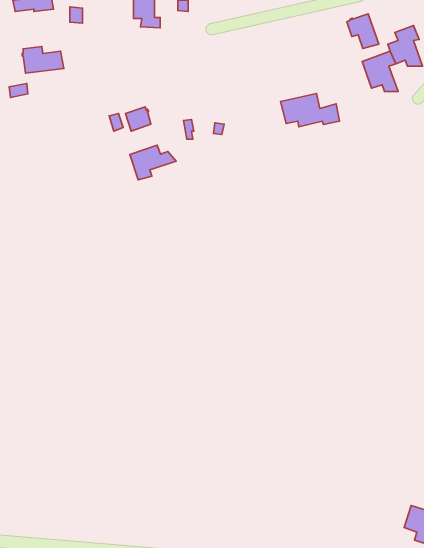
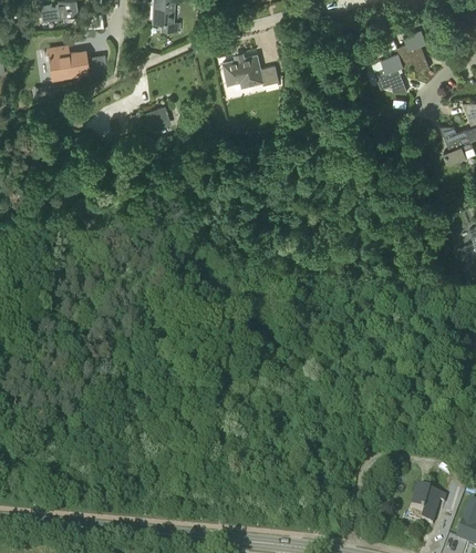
building: [347,14,379,49] -> none
building: [280,93,340,127] -> [223,54,279,86]
building: [130,145,176,180] -> none

